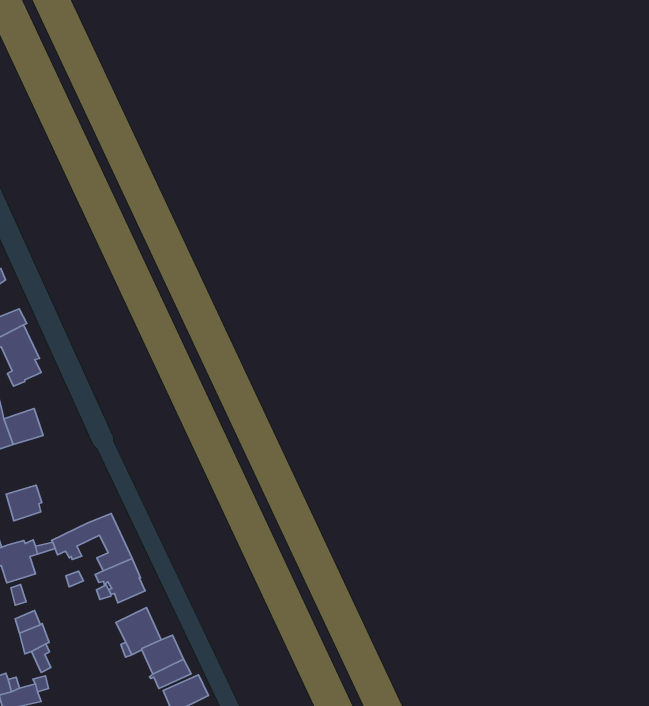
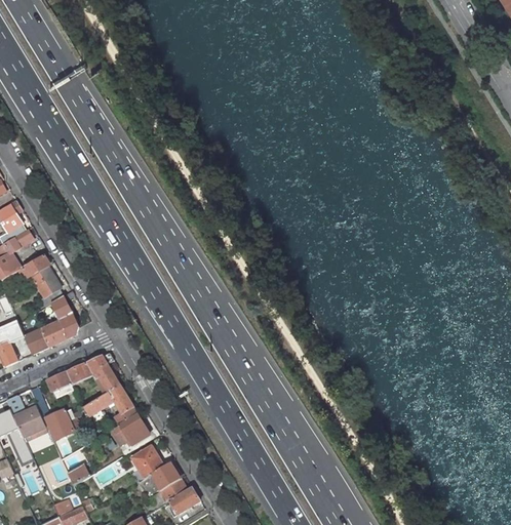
building: none -> [51,290,77,337]
building: none -> [67,352,119,393]

